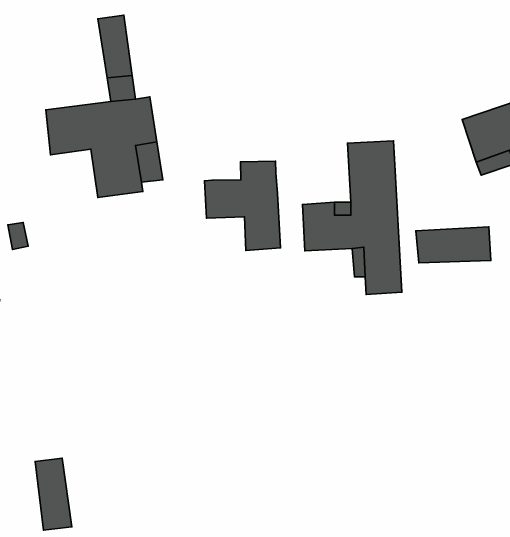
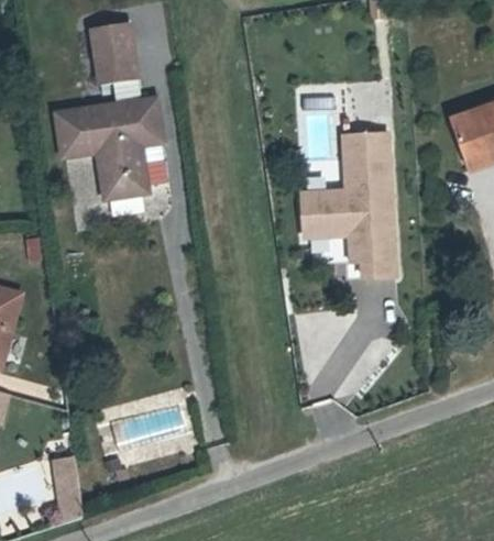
building: [205,161,281,250] -> none
building: [416,227,491,263] -> none

